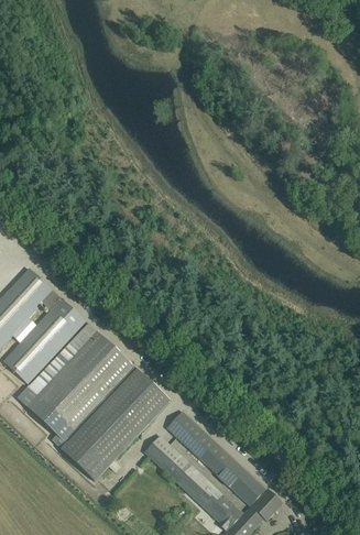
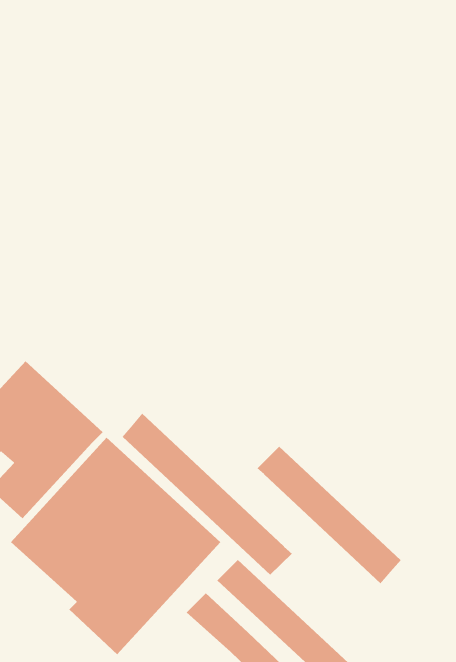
building: none -> [122,413,293,576]
building: none -> [257,446,401,584]

